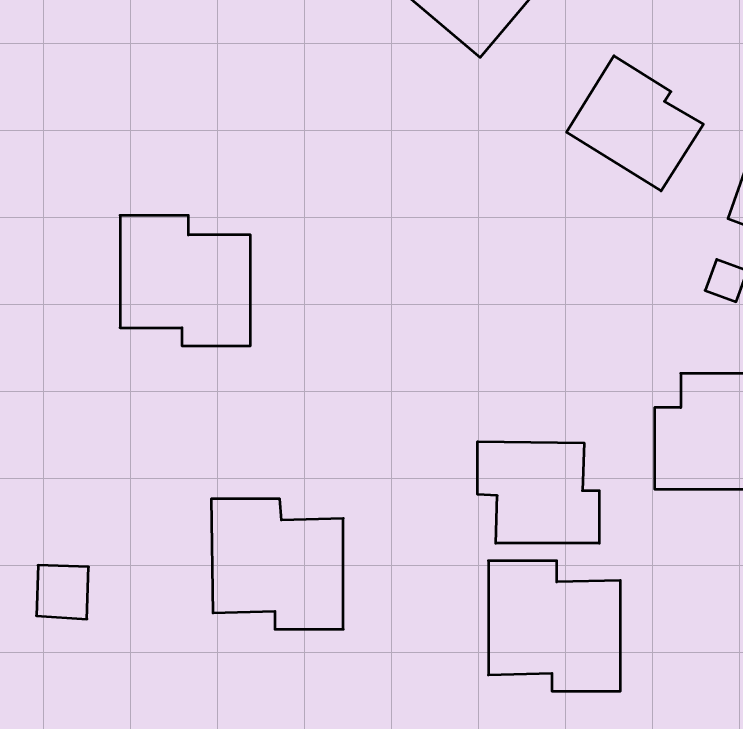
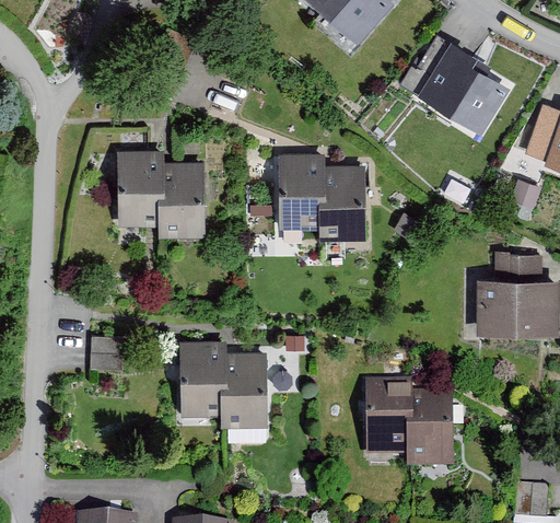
building: none -> [279,154,368,242]
building: [478,442,599,543] -> none
building: [36,565,89,619] -> [89,337,124,373]

